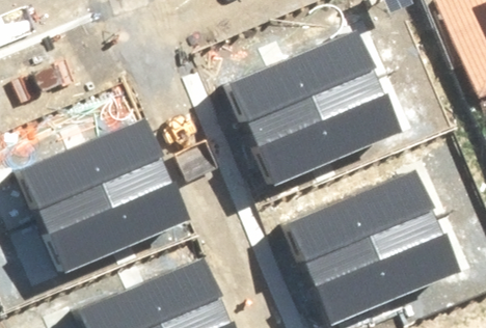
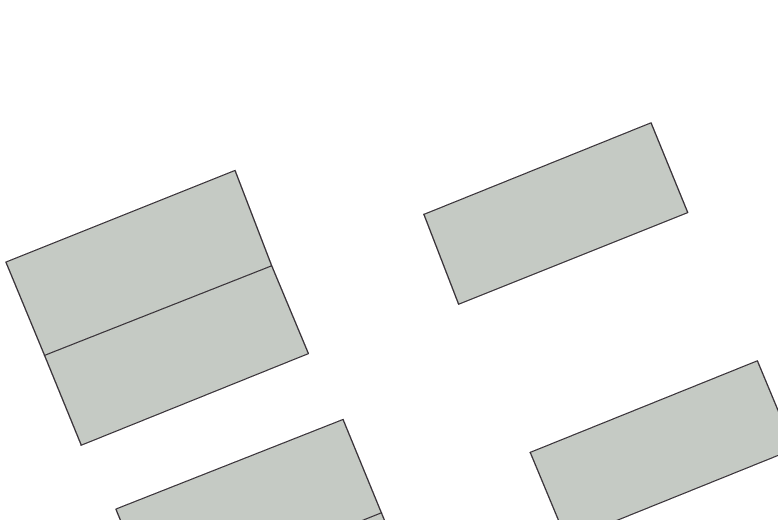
building: [230,36,380,141] -> none
building: [290,171,440,276] -> none

